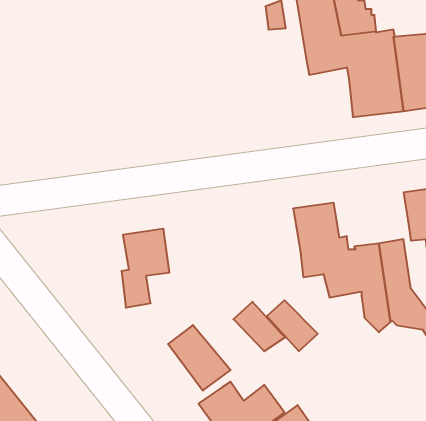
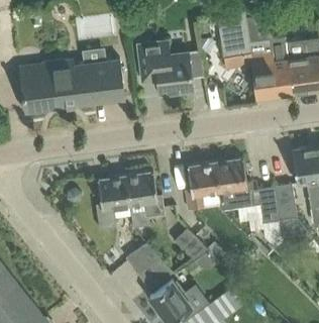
building: none -> [137,41,204,95]
building: none -> [16,59,125,114]
building: none -> [186,163,220,211]
building: none -> [125,173,165,217]

